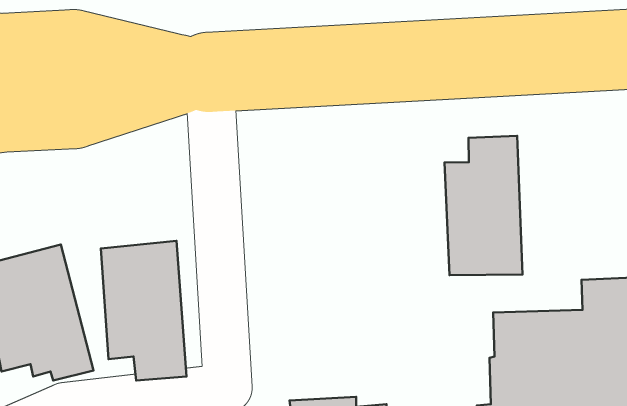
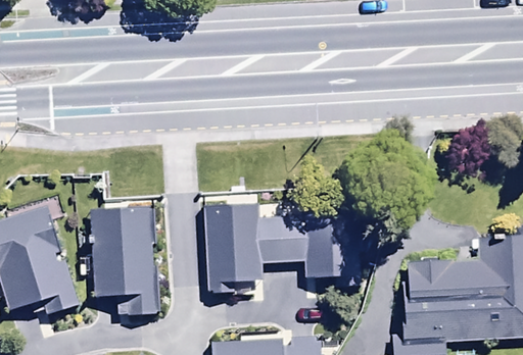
building: [444,136,523,275] -> none
building: none -> [204,201,359,297]

